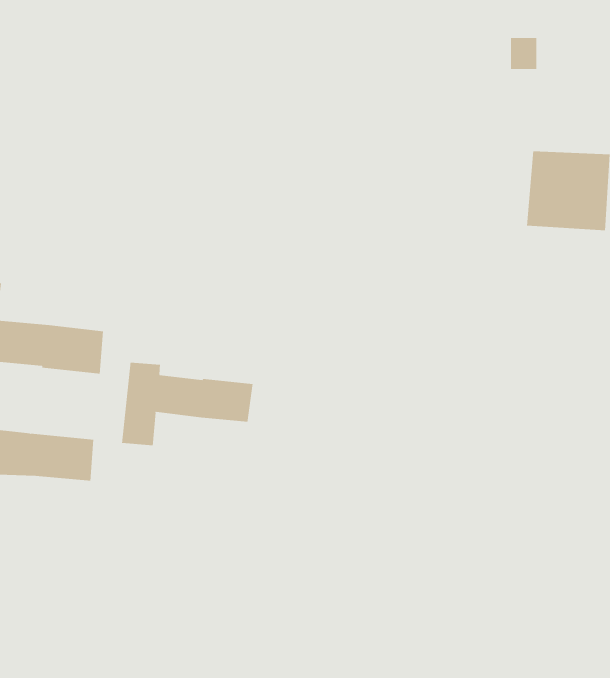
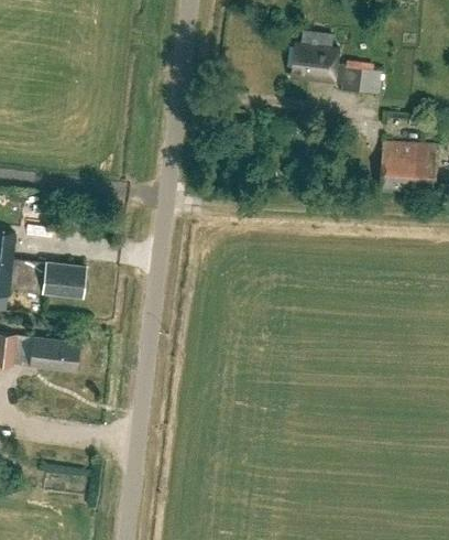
building: none -> [288,45,361,94]
building: [122,362,253,446] -> none

